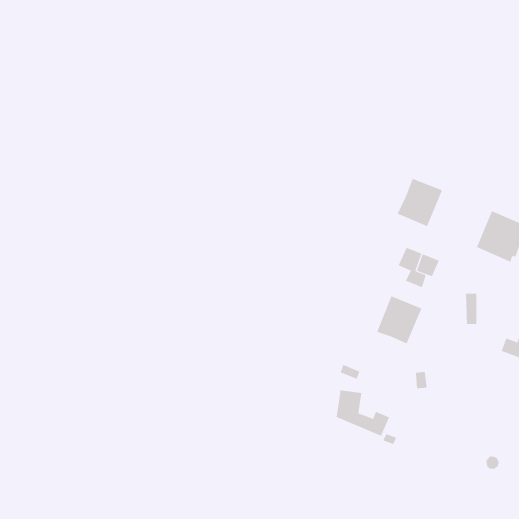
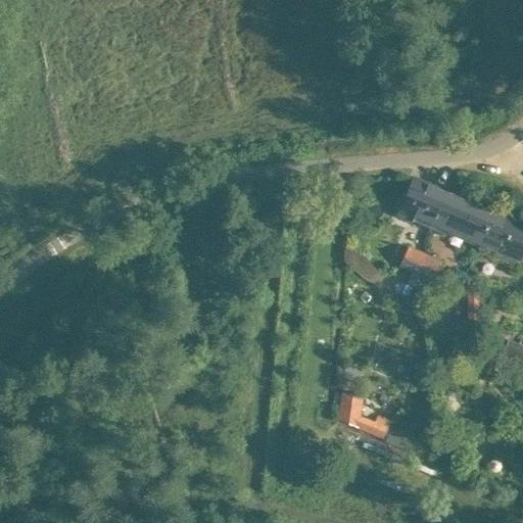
building: none -> [430,191,494,248]
building: [376,295,422,344] -> none

